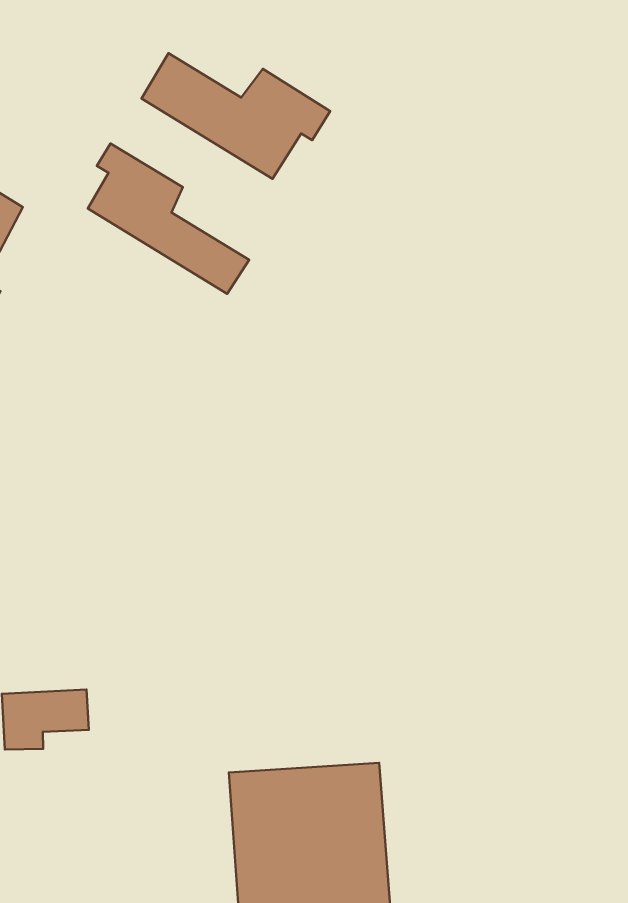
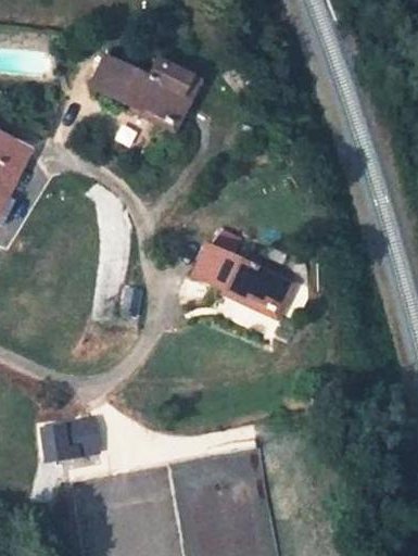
building: [88,143,249,294] -> none
building: none -> [194,244,286,309]

